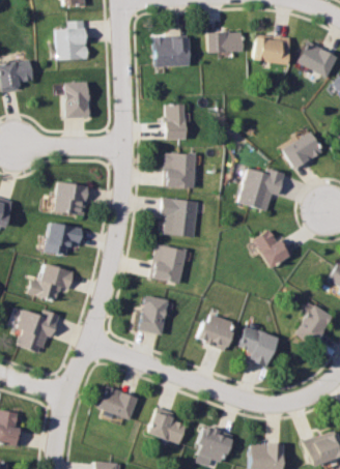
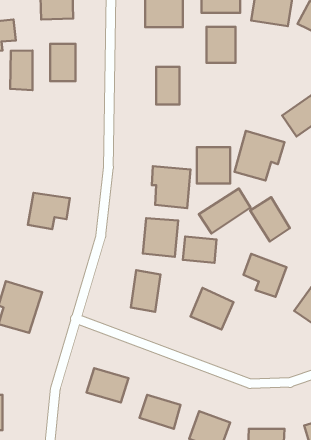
building: none -> [207,27,235,63]
building: none -> [10,50,32,90]
building: [165,153,196,187] -> [197,147,230,183]
building: [54,181,89,216] -> none
building: none -> [199,189,250,234]
building: [28,263,75,302] -> none
building: none -> [183,236,217,263]
building: [238,326,279,367] -> [243,254,287,297]

